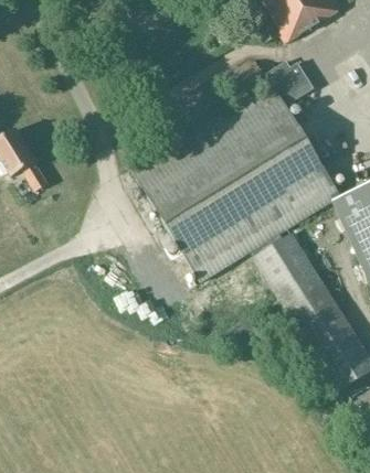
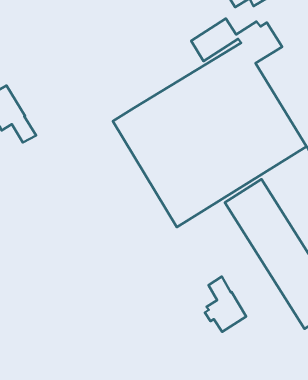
building: none -> [205,276,246,332]

